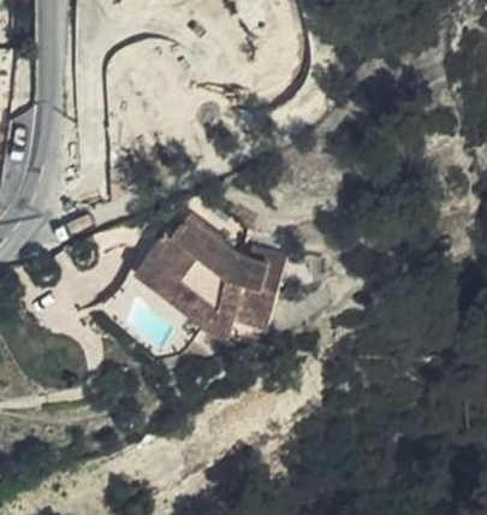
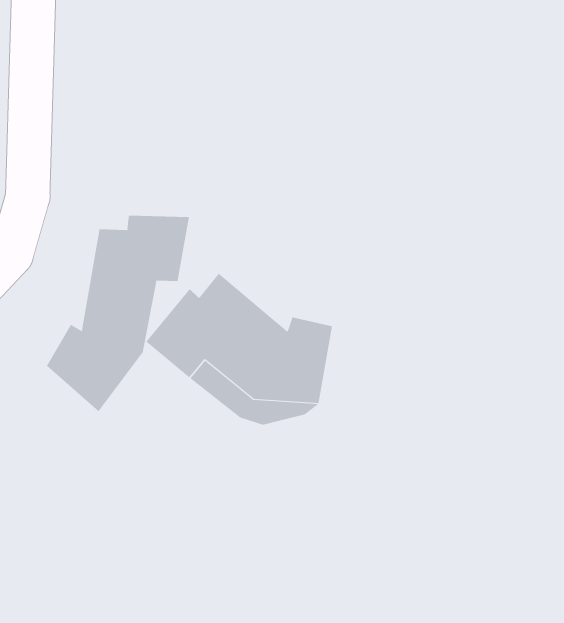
building: none -> [46,215,190,412]

